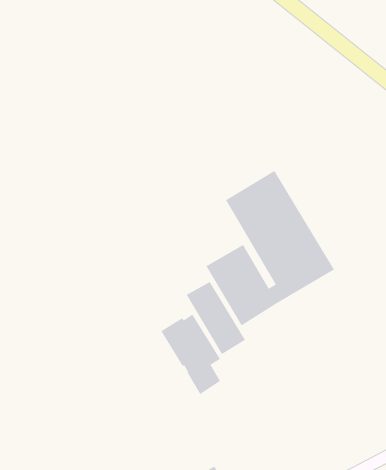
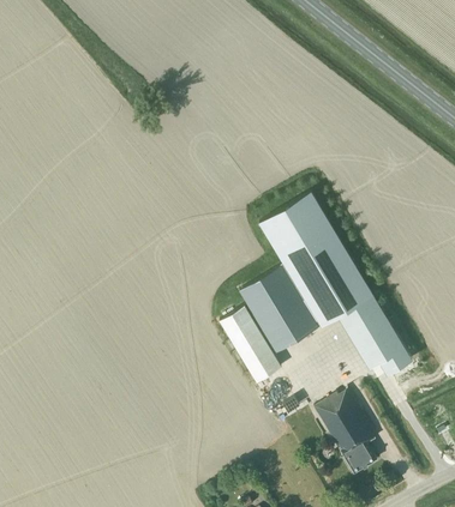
building: none -> [339,295,413,374]
building: [161,314,221,395] -> [315,391,377,475]

